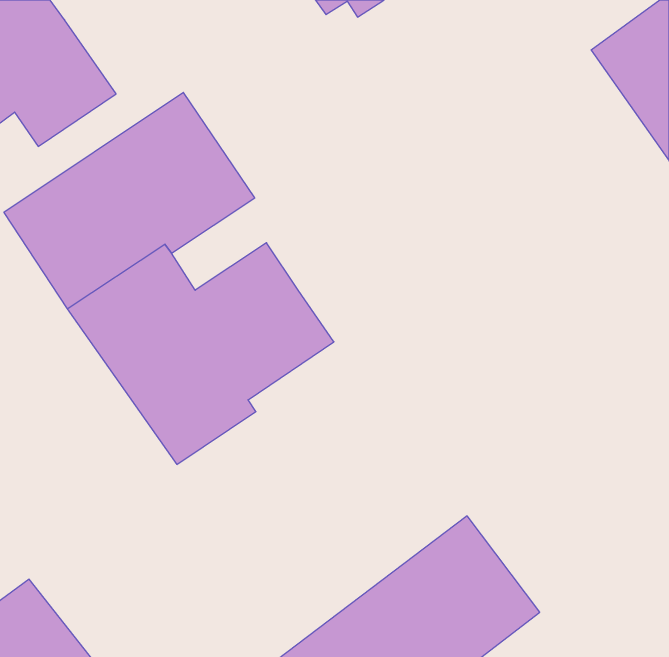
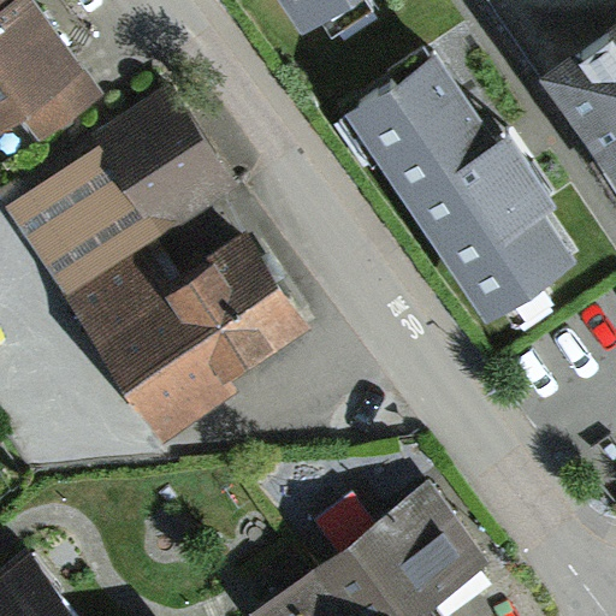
building: none -> [344,52,568,313]

